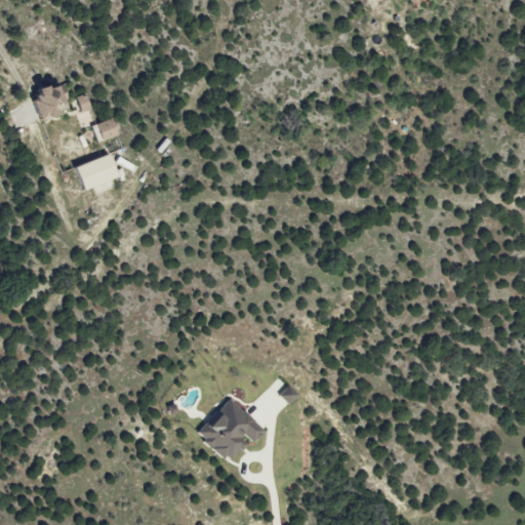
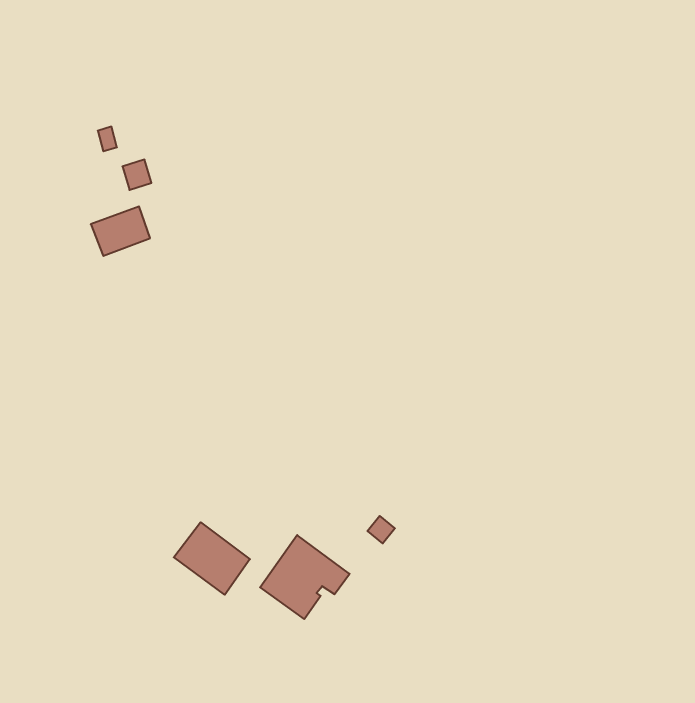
building: [40,84,67,116] -> none
building: none -> [174,522,250,595]

